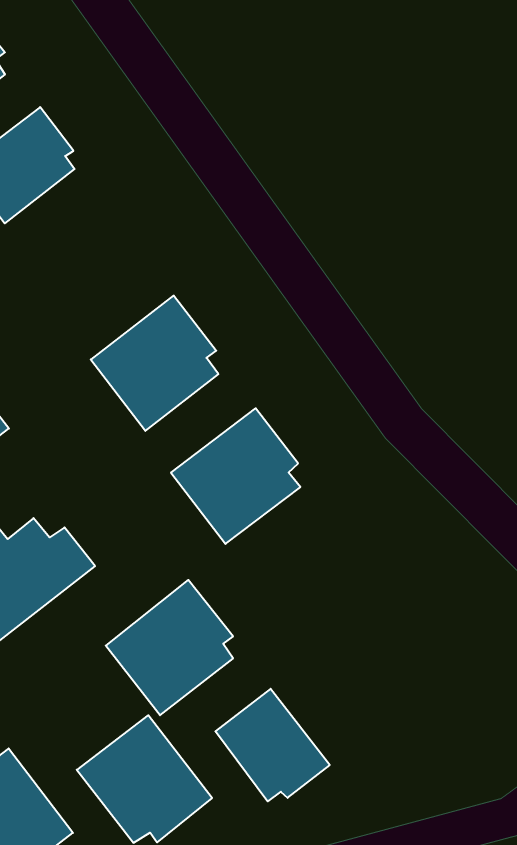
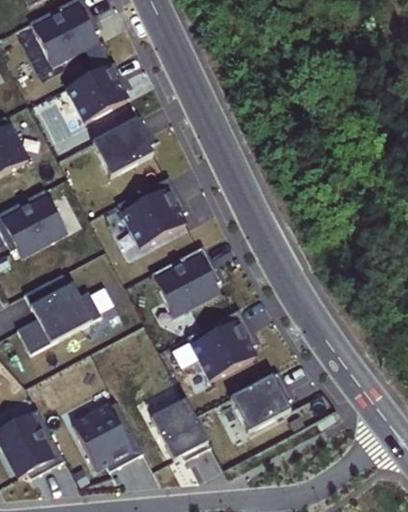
building: none -> [91,116,153,176]
building: [106,580,233,715] -> [186,309,256,380]
building: none -> [229,372,290,432]

